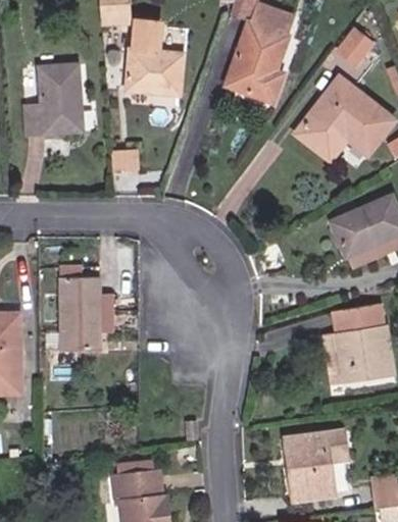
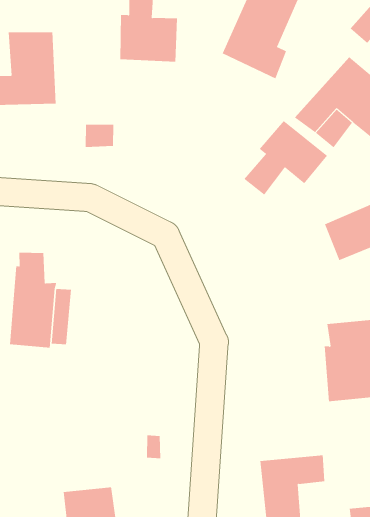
building: none -> [243,120,328,195]

